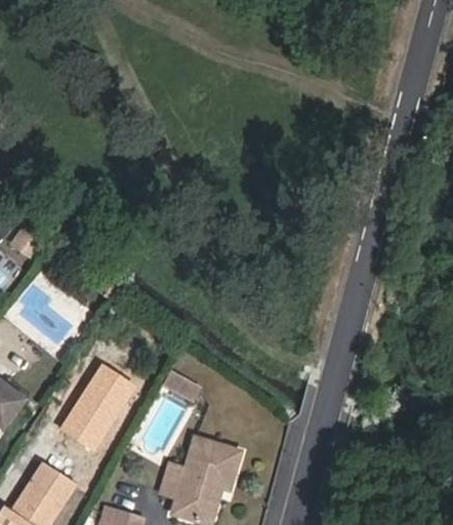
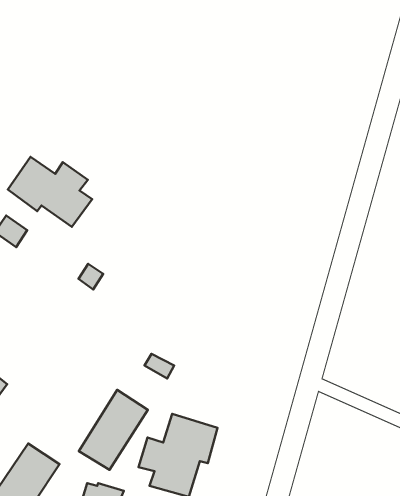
building: none -> [8,157,92,227]
building: [61,368,133,451] -> [79,390,148,470]

